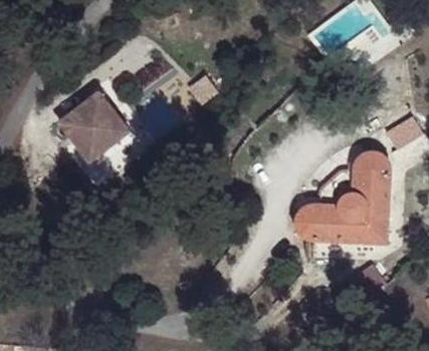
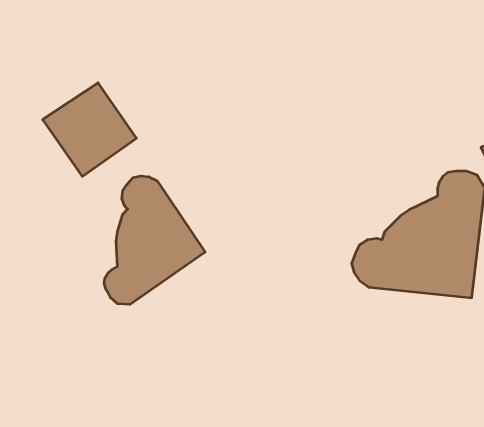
building: none -> [104,176,205,304]

